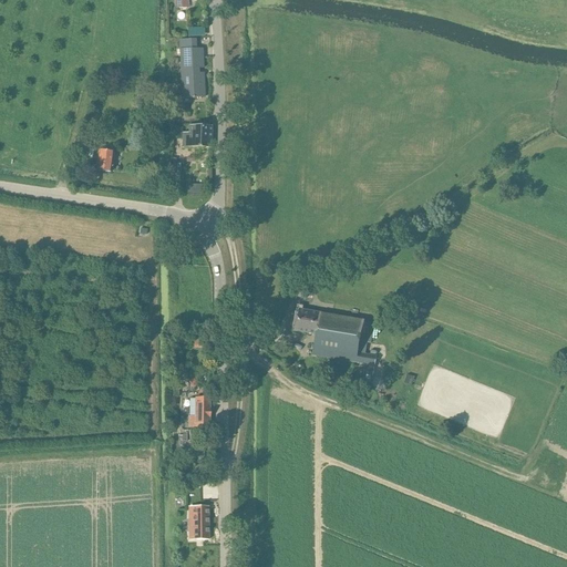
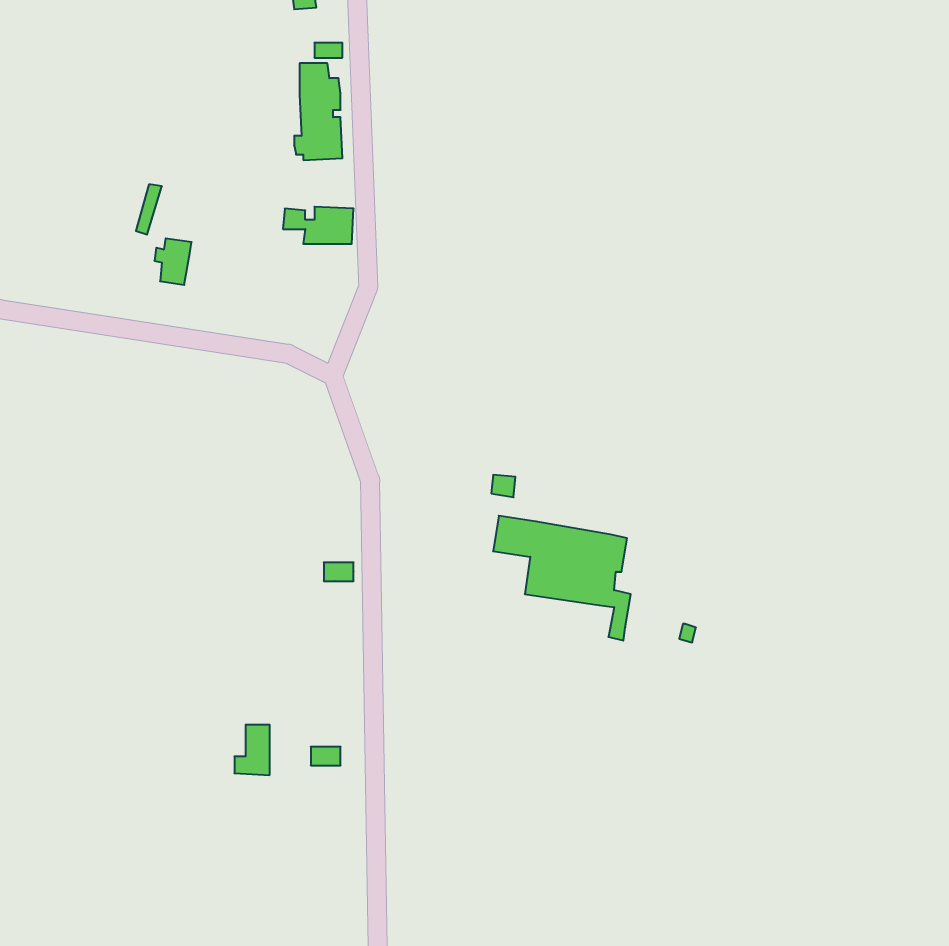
building: [188,395,209,425] -> [234,725,270,775]
building: [188,504,209,537] -> none

